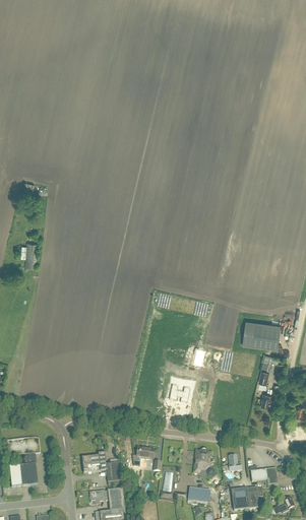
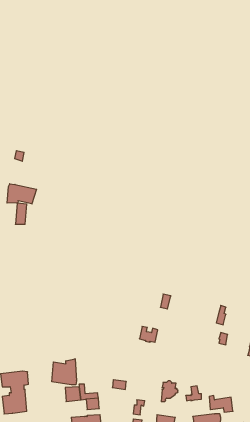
building: none -> [7,184,37,204]
building: [243,319,282,348] -> none
building: none -> [52,359,76,385]

